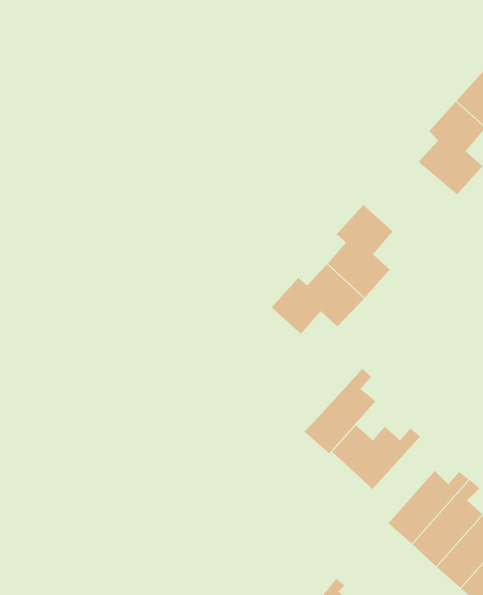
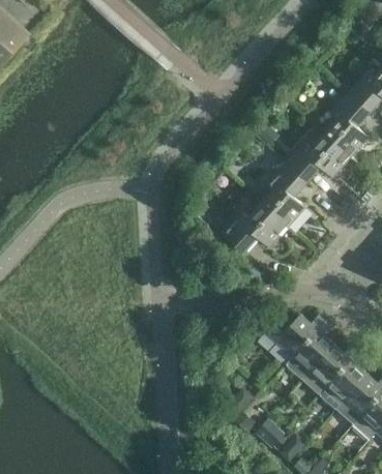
building: none -> [288,135,352,182]
building: [303,368,376,454] -> [287,322,336,381]

